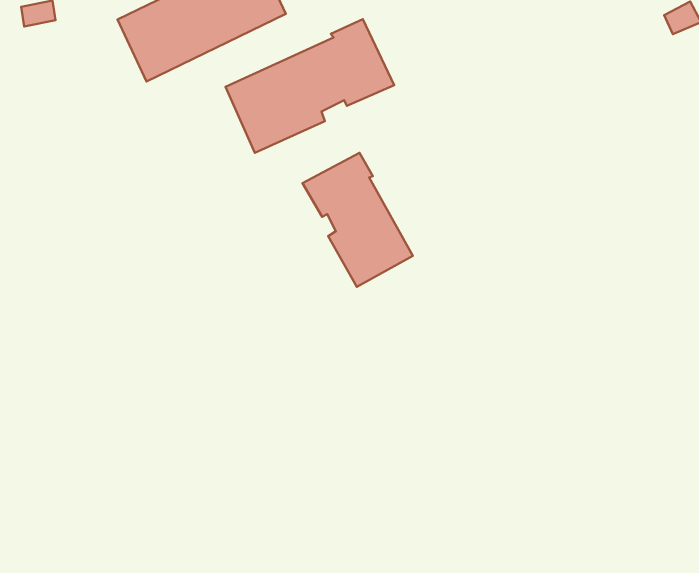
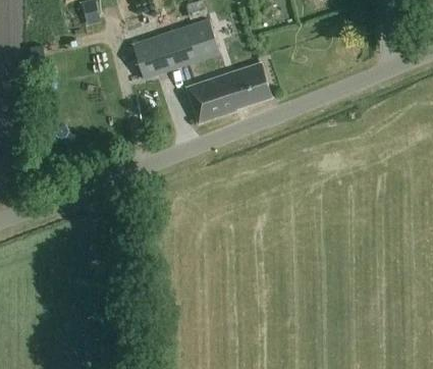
building: [302,153,413,287] -> none

